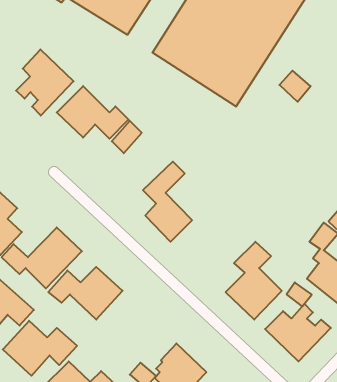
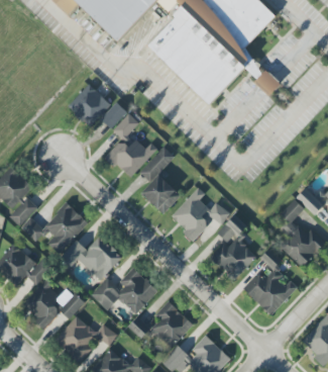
building: [16,49,74,116] -> none
building: none -> [105,141,157,179]
building: none -> [170,187,230,240]
building: none -> [91,268,158,314]

